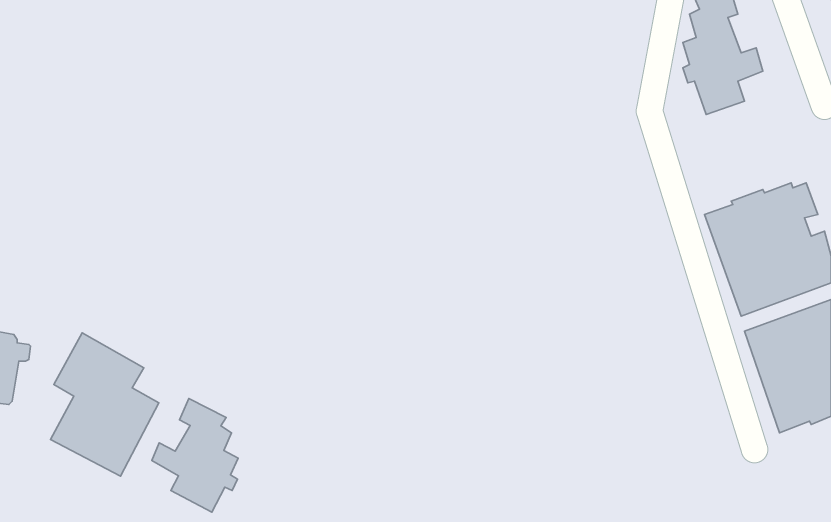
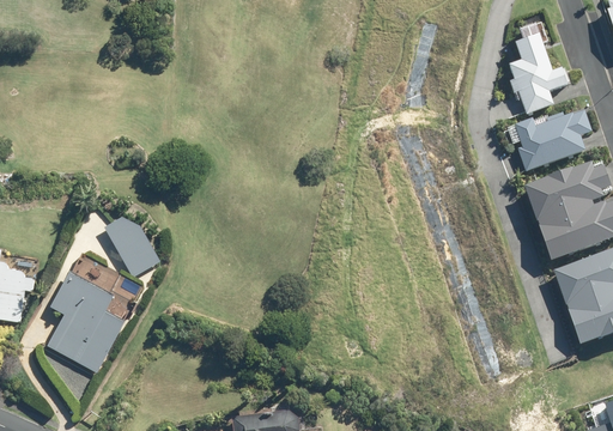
building: none -> [503,109,587,169]
building: none -> [108,218,164,277]
building: [152,398,238,512] -> none

